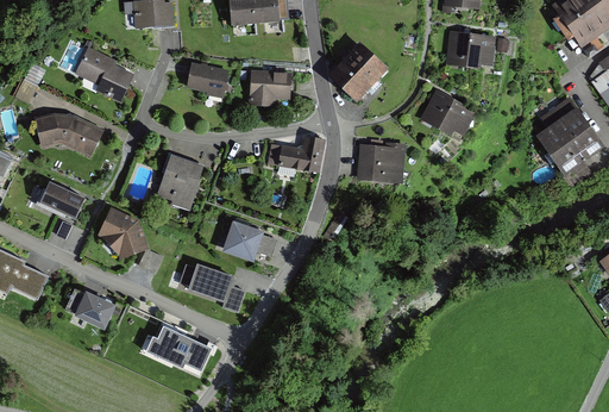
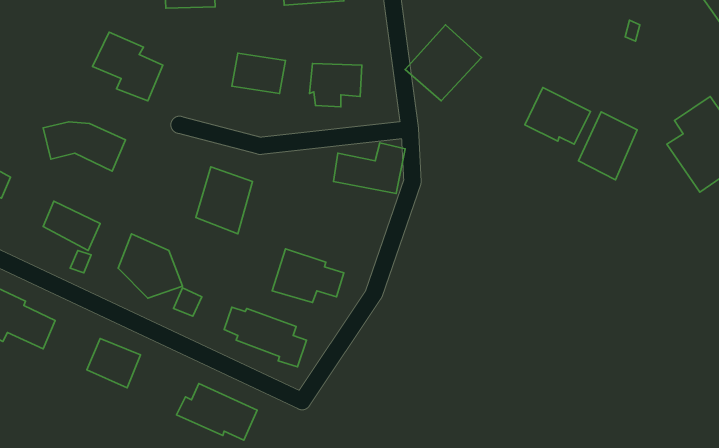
building: [445,30,492,67] -> none
building: none -> [579,112,637,180]
building: [356,141,406,181] -> none

